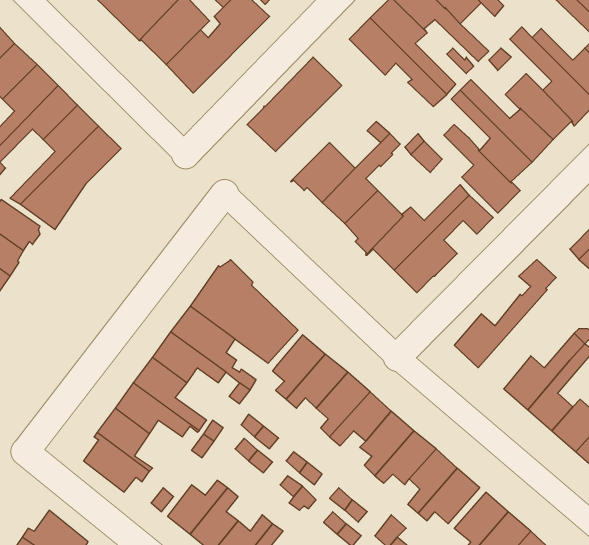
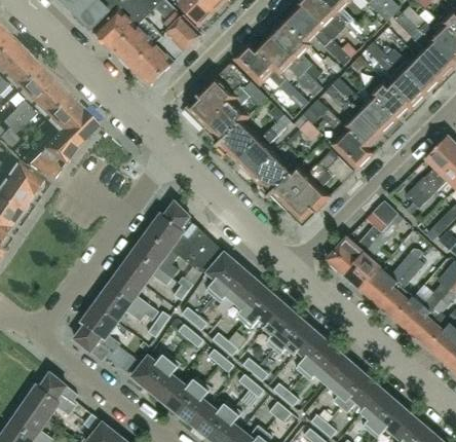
building: none -> [235,44,308,110]
building: none -> [205,82,266,148]
building: none -> [344,222,397,290]

